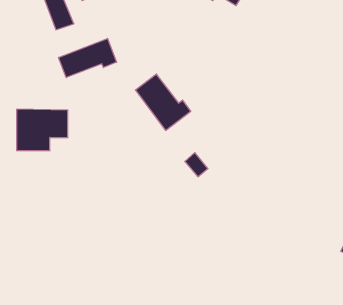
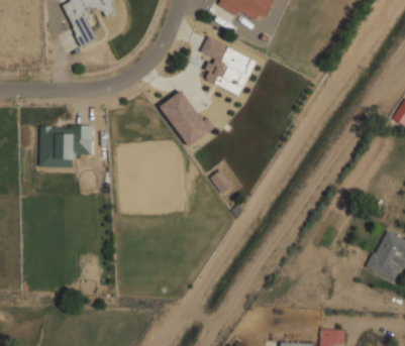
building: none -> [200,38,255,95]
building: [59,38,117,78] -> none

